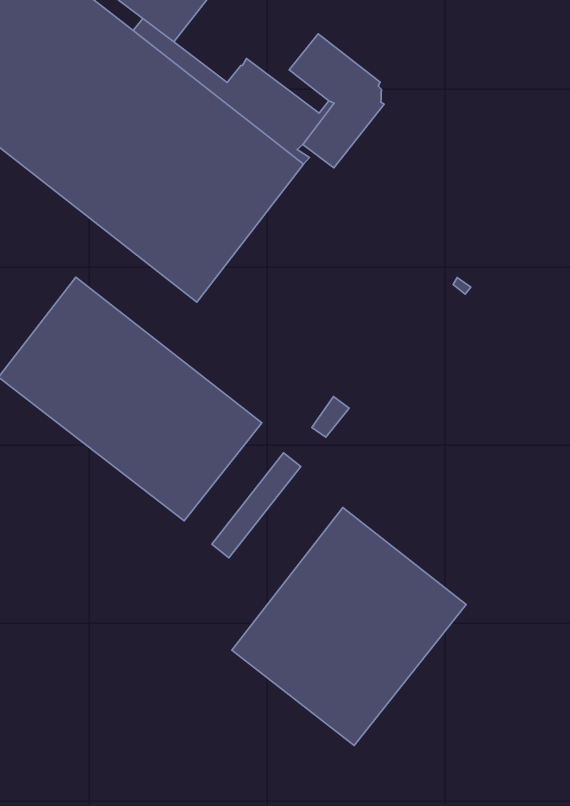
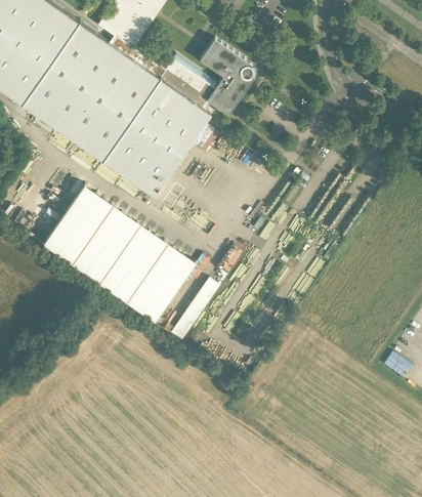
building: [232,507,466,746] -> none

